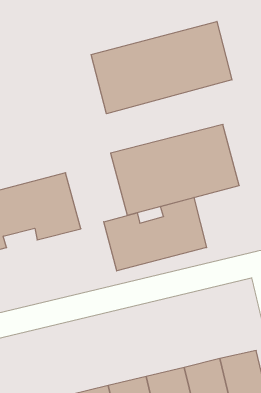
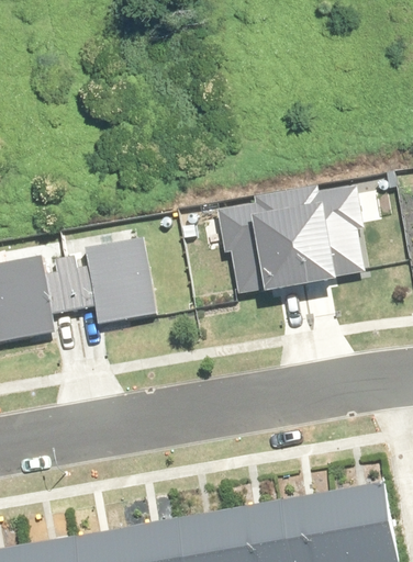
building: [91,21,232,114] -> none
building: [104,197,207,271] -> none

